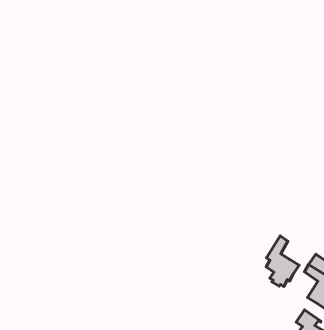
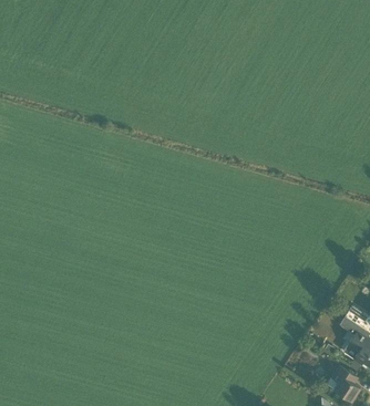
building: [266,236,299,287] -> none

